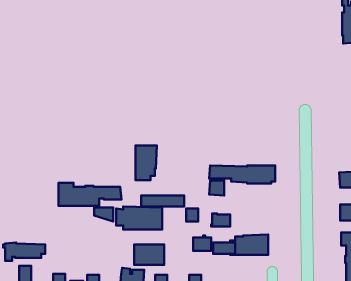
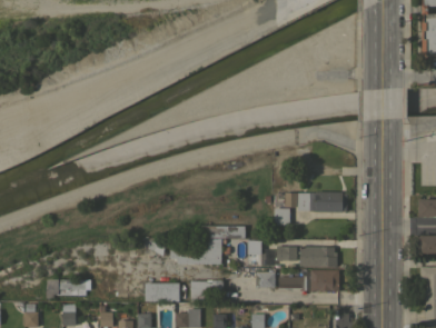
building: [135,146,157,180] -> none
building: [58,183,121,206] -> none
building: none -> [300,246,337,267]
building: none -> [146,282,180,301]

